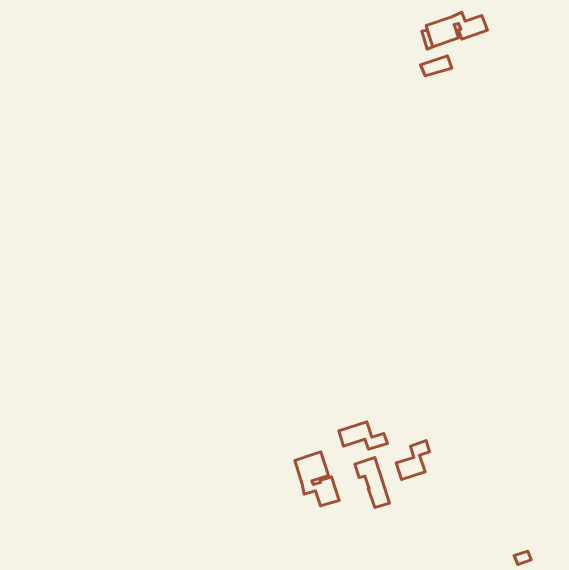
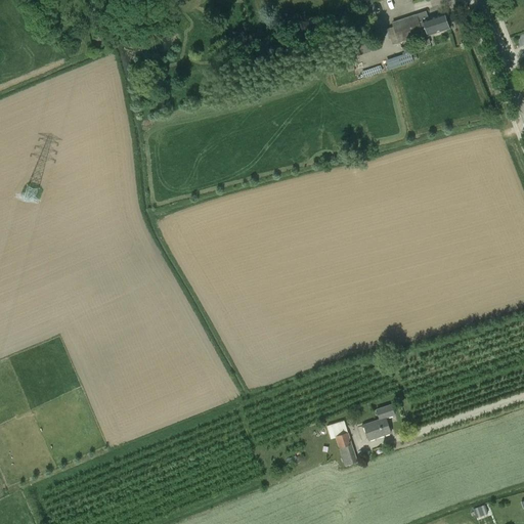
building: [339,422,388,449] -> none
building: [295,452,339,506] -> none

